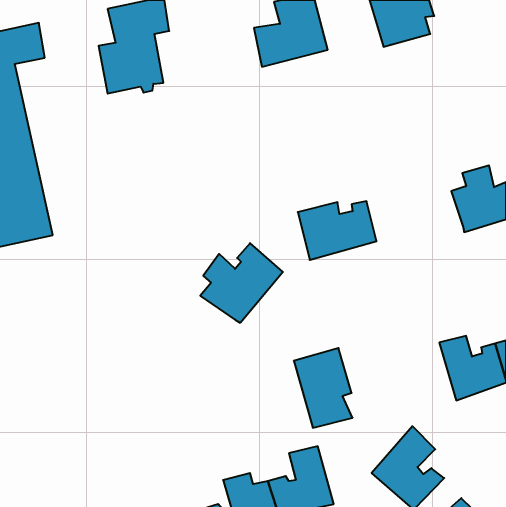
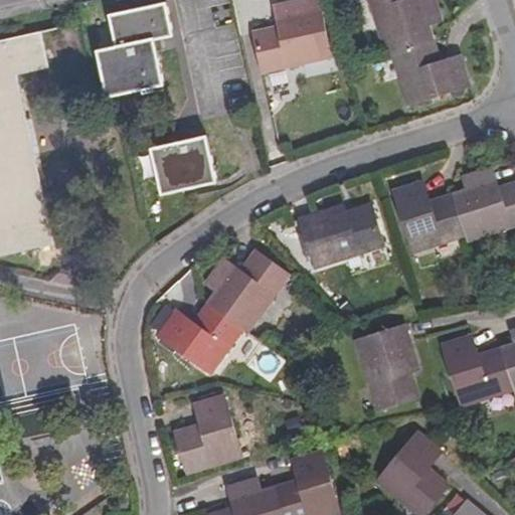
building: none -> [394,36,470,101]
building: none -> [153,135,216,194]
building: none -> [395,182,468,248]
building: none -> [151,301,237,370]
building: [294,348,353,428] -> [356,326,415,406]
building: none -> [171,394,234,470]

